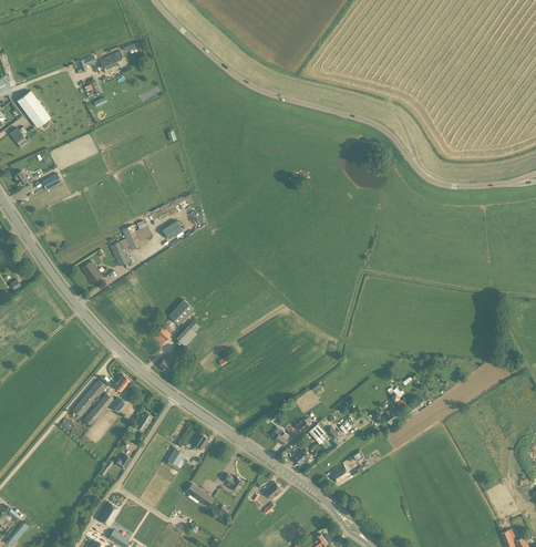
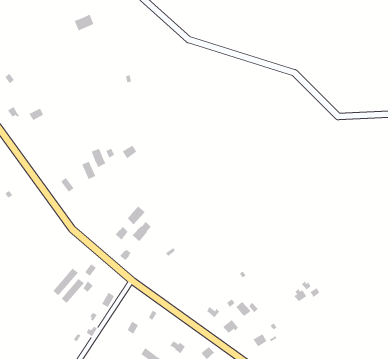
building: [16,91,50,127] -> none

